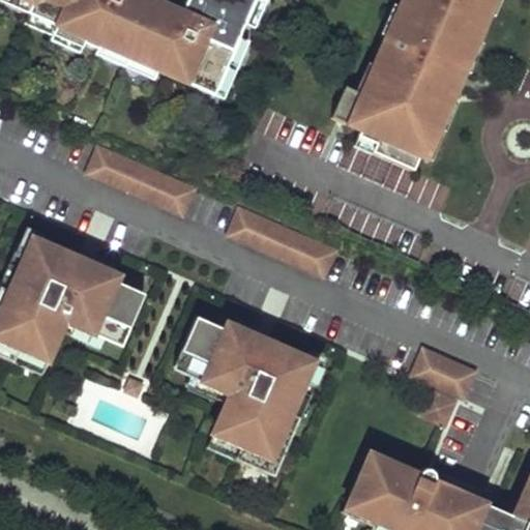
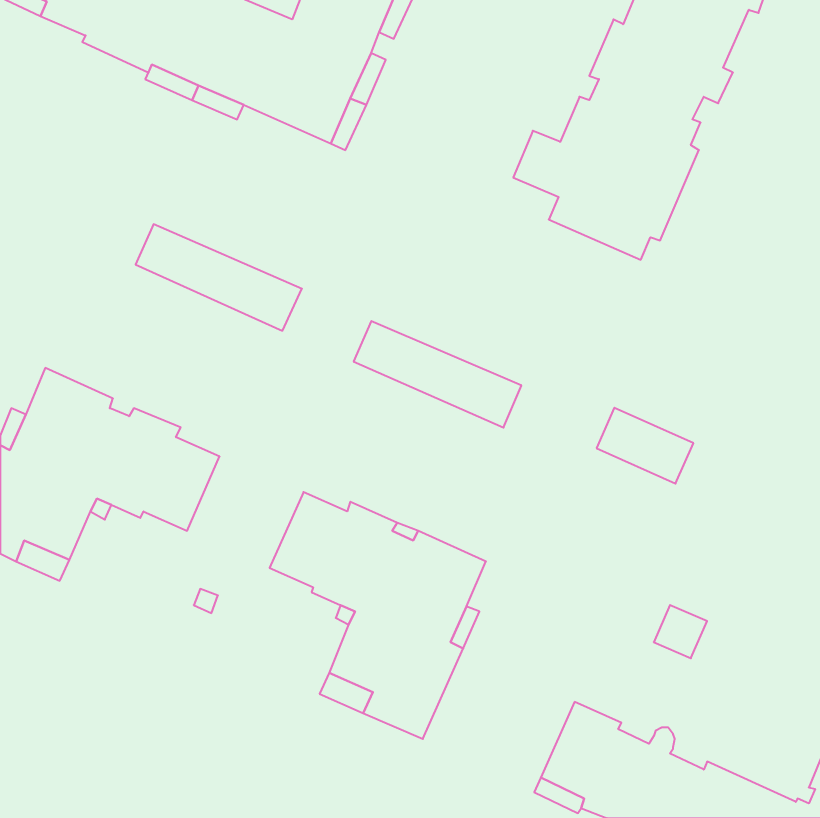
building: [414,347,476,395] -> [597,408,693,484]

